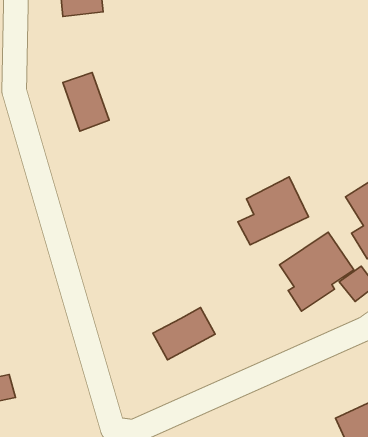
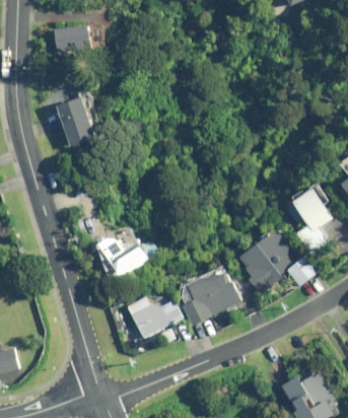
building: [238,177,309,245] -> [182,268,240,325]
building: none -> [92,226,158,282]

